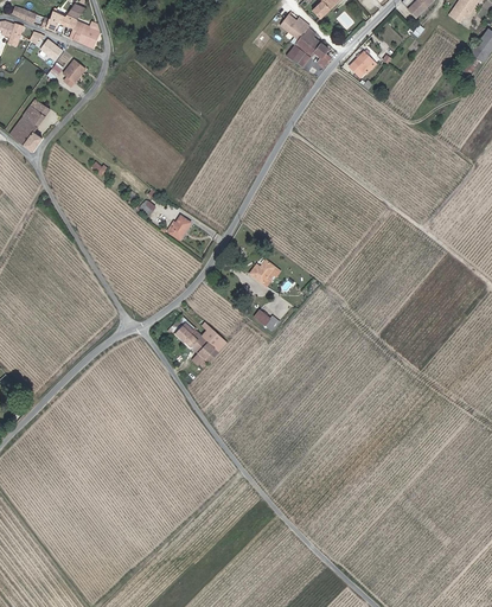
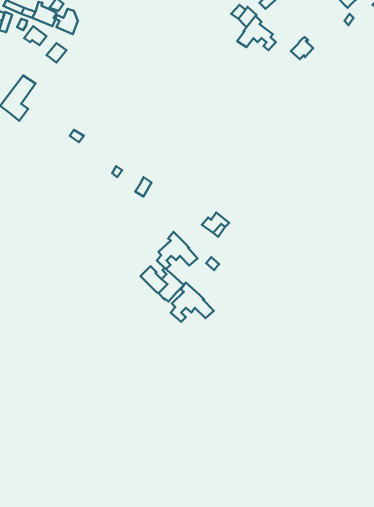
building: none -> [157,232,198,269]
building: none -> [171,282,214,322]

